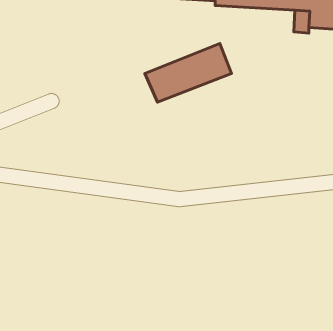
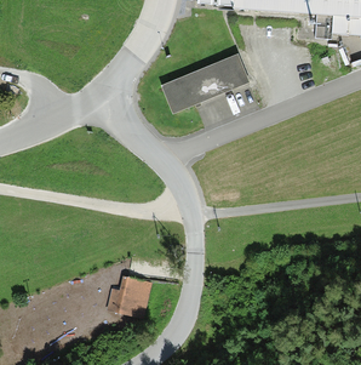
building: none -> [105,276,153,321]

